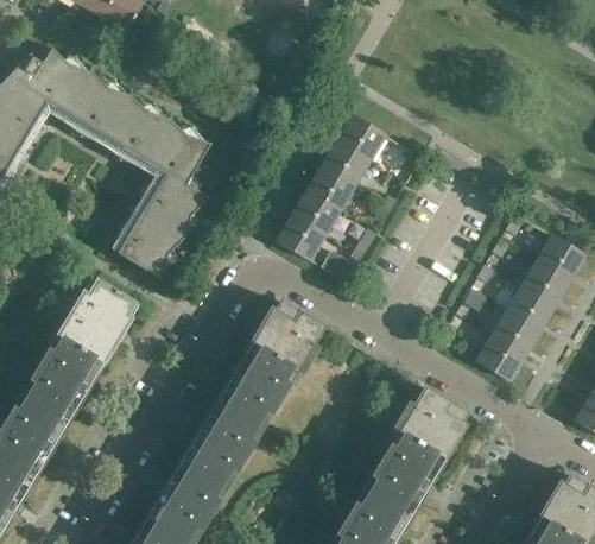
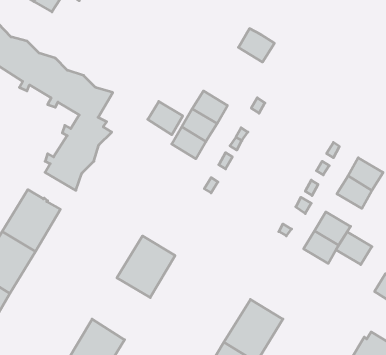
building: [335,116,385,163] -> [238,29,274,62]
building: [276,216,324,262] -> [148,101,183,135]
building: [505,285,555,330] -> [336,232,372,265]
building: [251,303,322,374] -> none
building: [400,390,466,458] -> none
building: [181,401,261,487] -> none

